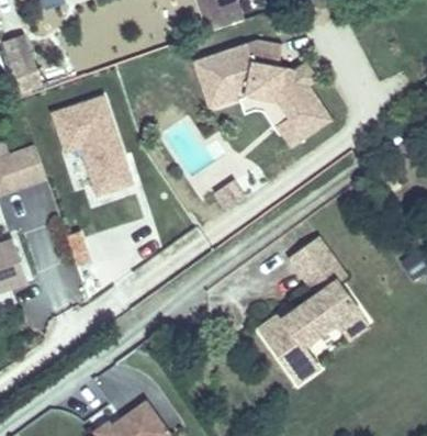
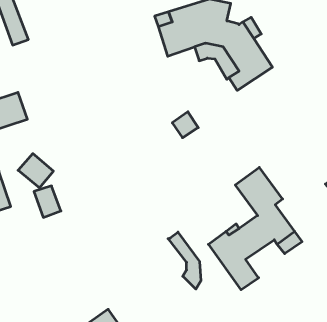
building: [48,92,135,205] -> none
building: none -> [168,232,201,289]

